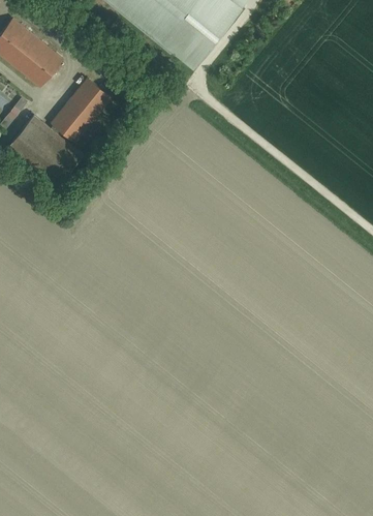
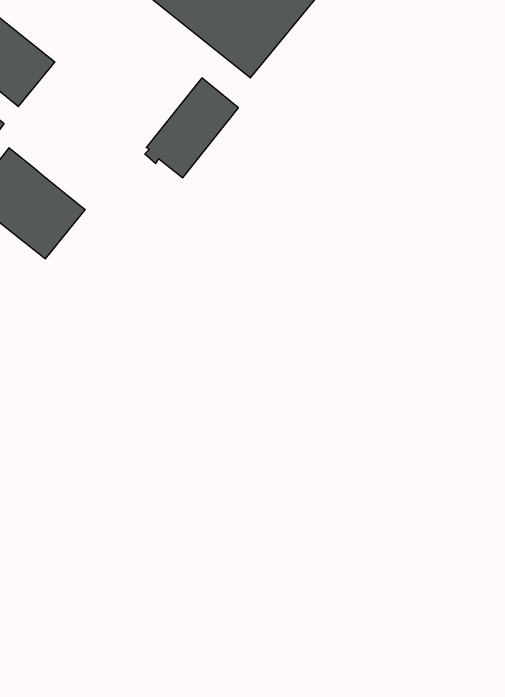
building: [51,78,112,143] -> [145,78,238,178]

